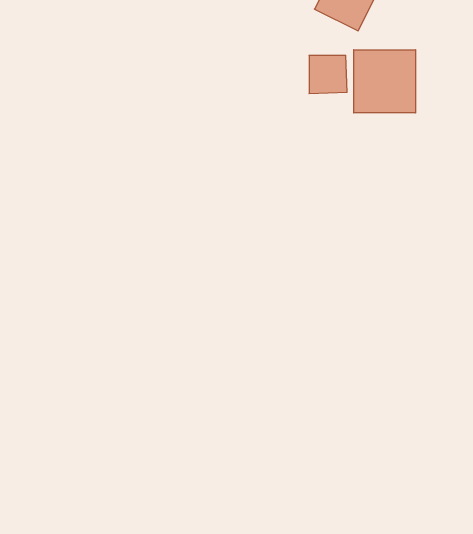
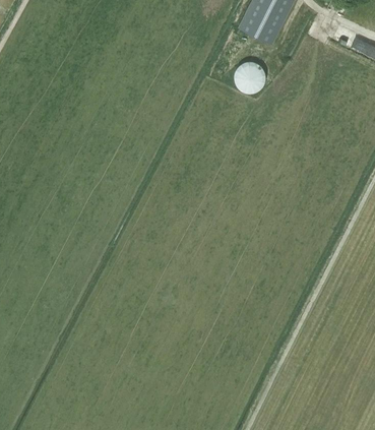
building: [354,50,416,113] -> none

